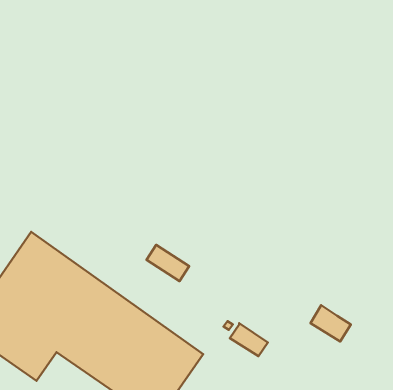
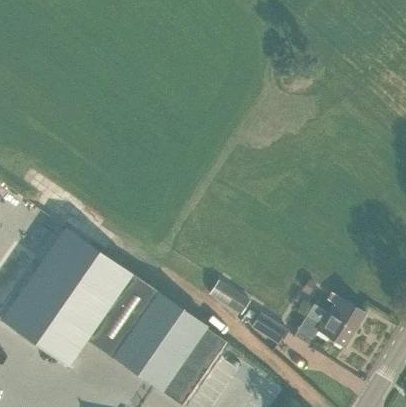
building: [147,245,189,281] -> [209,279,249,313]
building: none -> [297,303,355,346]

